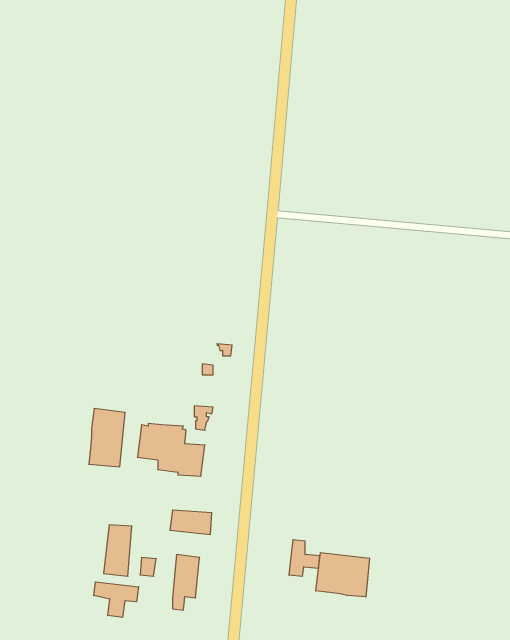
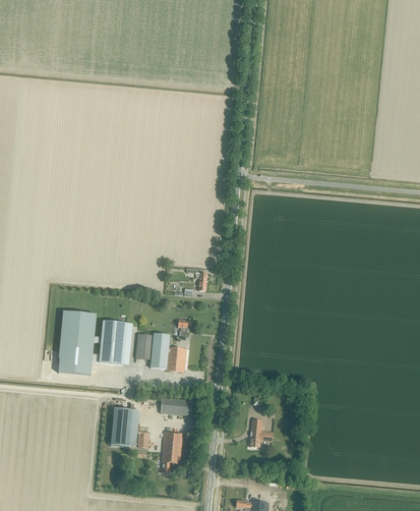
building: none -> [58,307,102,375]
building: [316,553,369,597] -> none
building: [94,582,139,617] -> none

